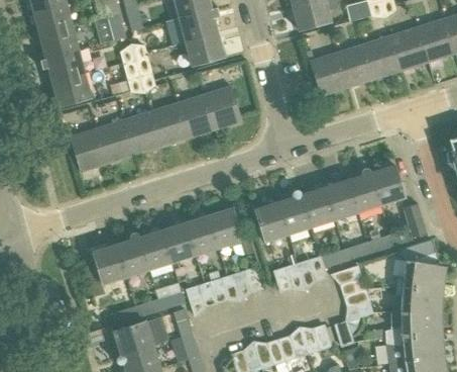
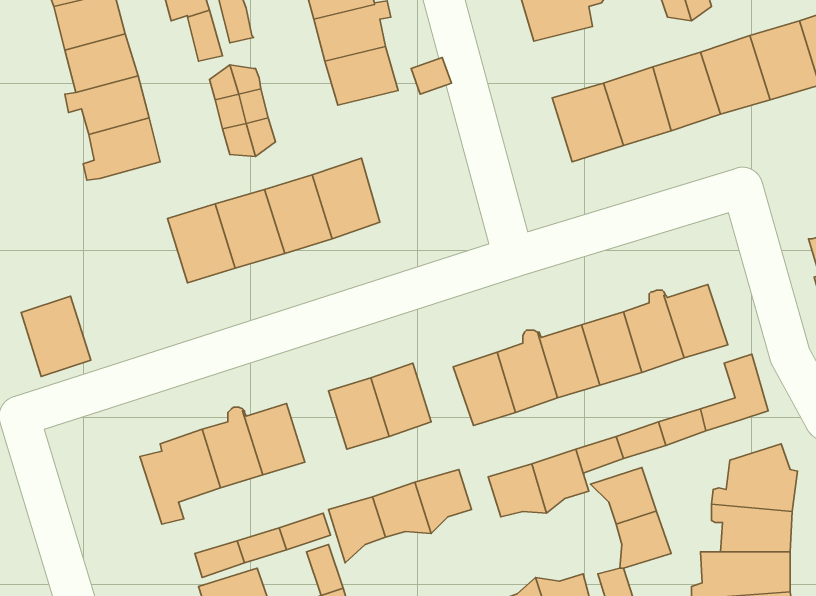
building: [204,86,242,129] -> none
building: [70,127,108,172] -> [21,296,91,377]
building: [162,222,196,262] -> none

